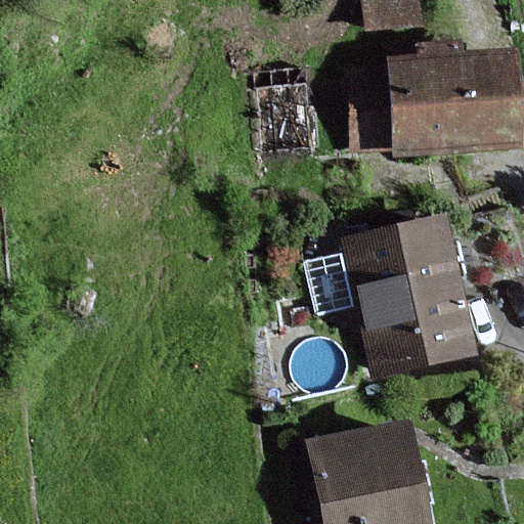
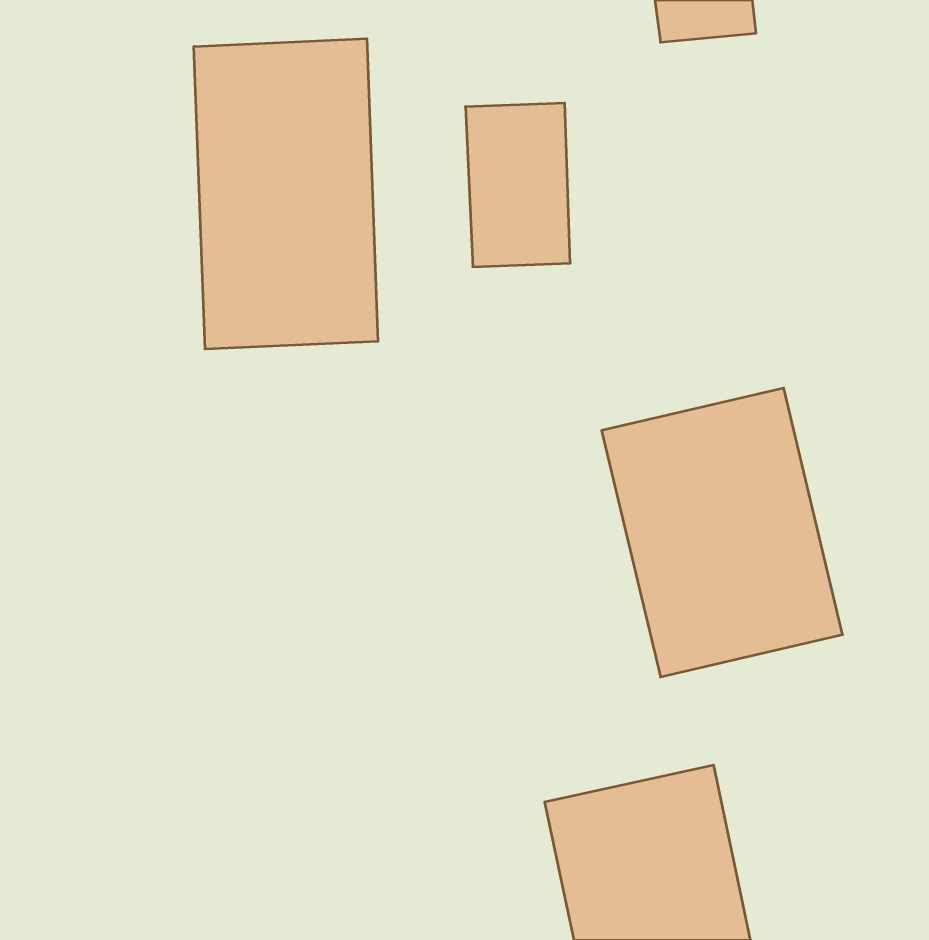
building: none -> [194,39,378,349]
building: [386,57,511,155] -> none

